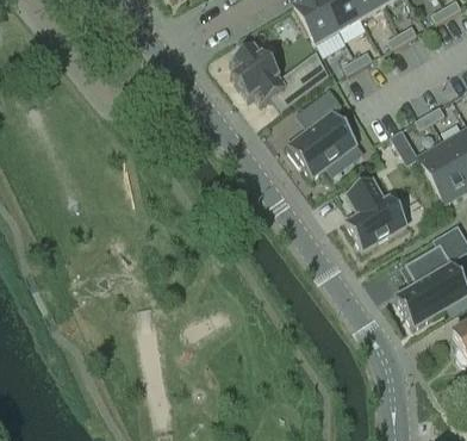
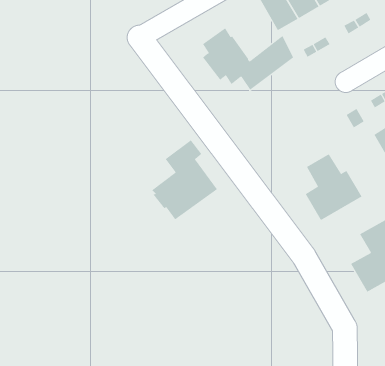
building: [287,89,359,176] -> [152,139,218,220]

